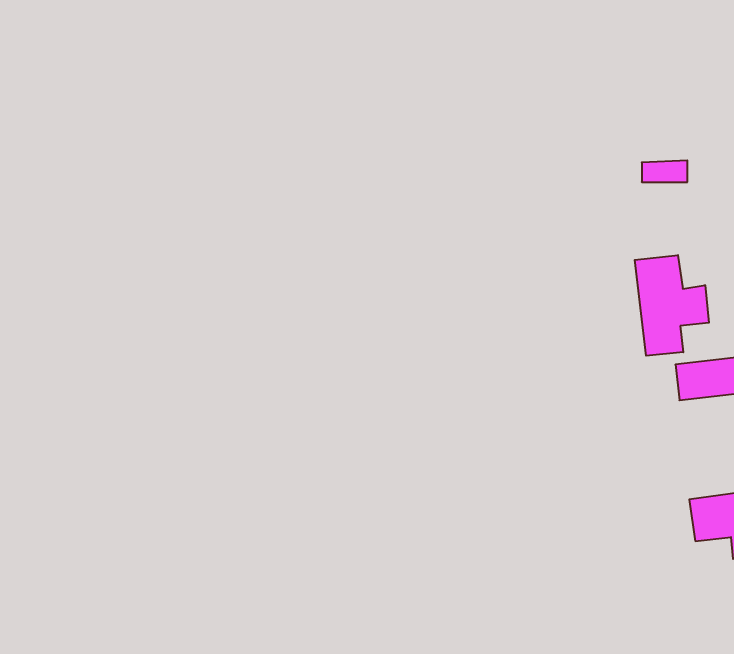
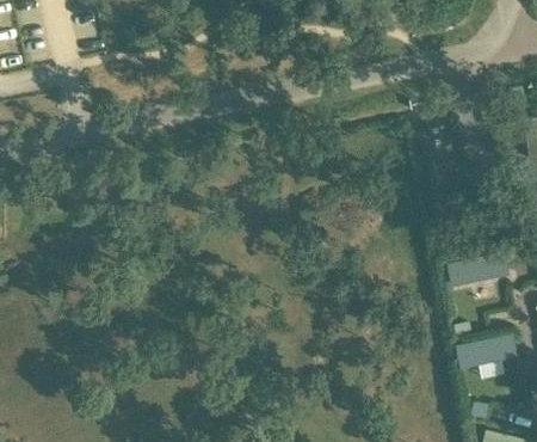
building: [635,255,709,356] -> none

